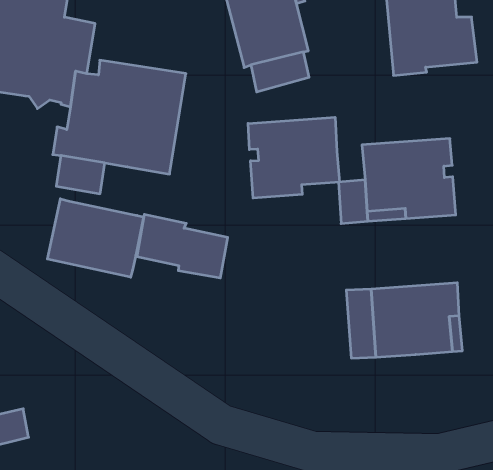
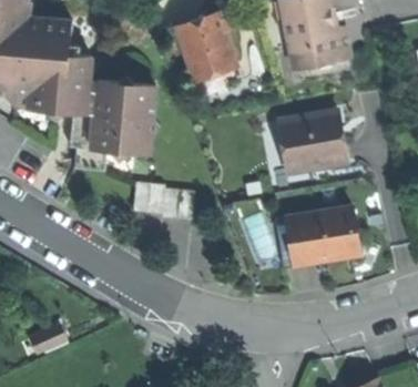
building: [248,117,339,198] -> none
building: [47,199,144,277] -> none

